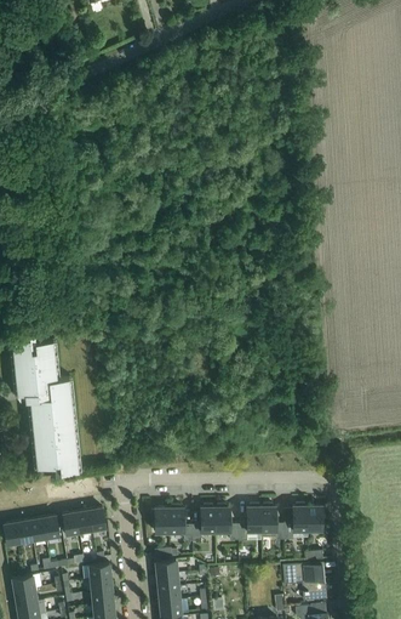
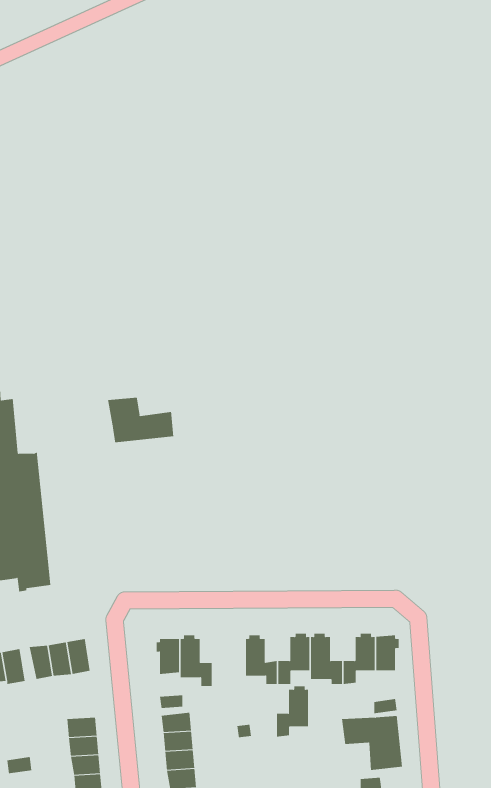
building: none -> [107,397,174,443]
building: [191,505,214,541] -> [276,686,309,737]

